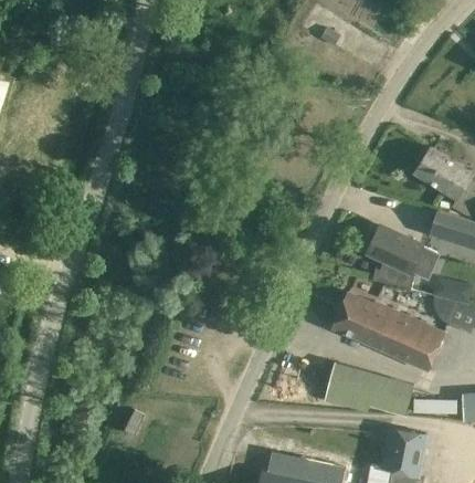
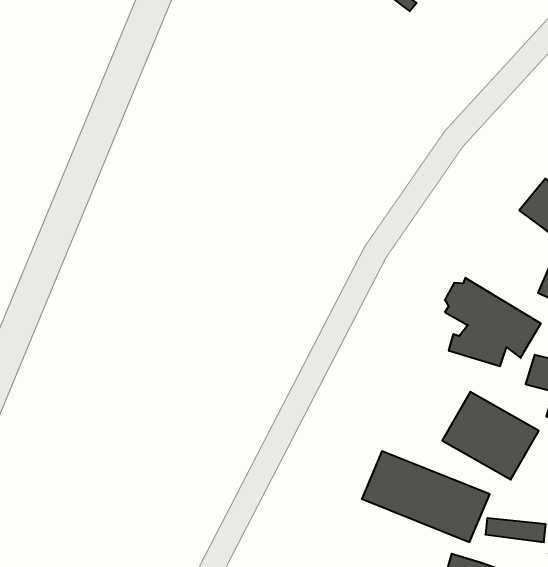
building: [331,295,390,348] -> none

